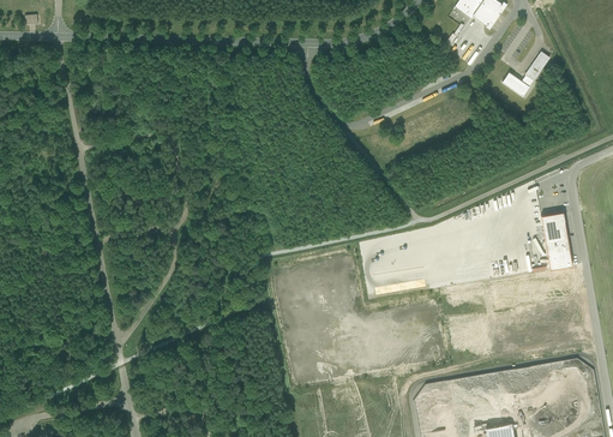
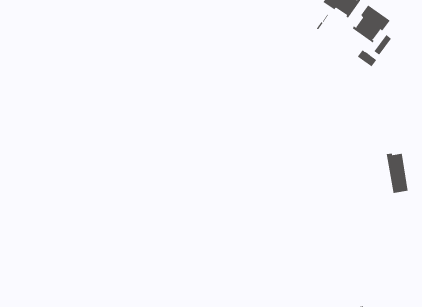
building: none -> [352,4,392,44]

